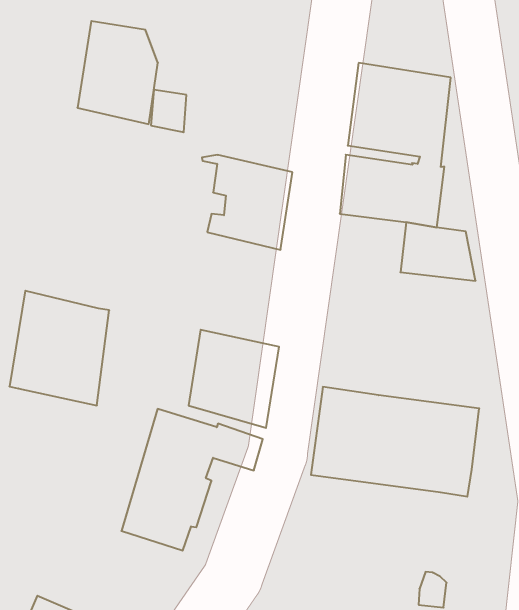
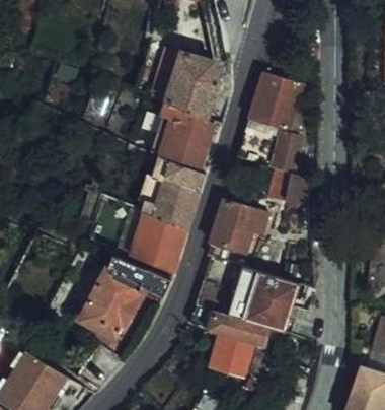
building: [77,21,158,124] -> [168,53,219,118]
building: none -> [207,201,268,267]
building: [9,291,109,405] -> [141,156,206,229]
building: none -> [187,306,268,379]

